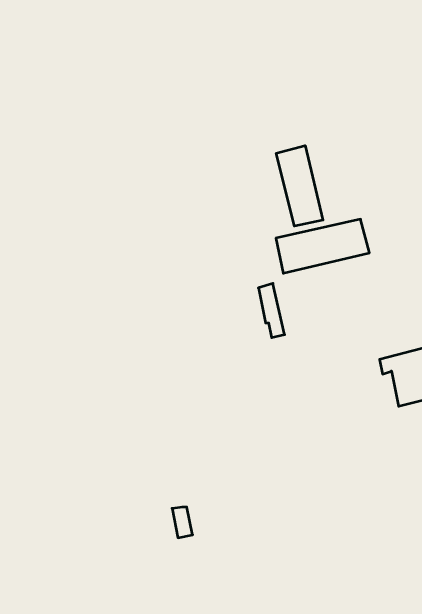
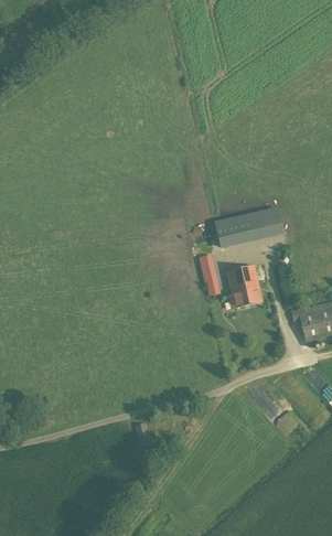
building: [276,146,323,226] -> none
building: none -> [227,265,264,309]

